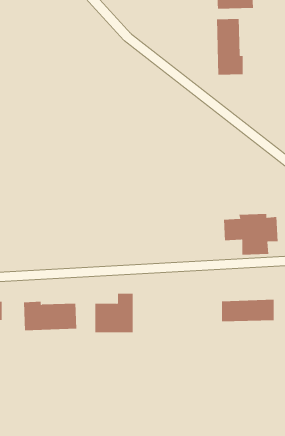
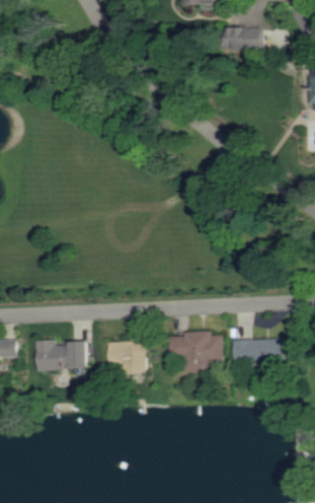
building: [216,18,243,75] -> none
building: [223,213,278,255] -> [167,332,222,373]

